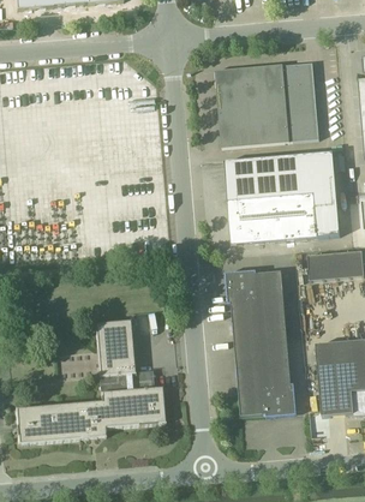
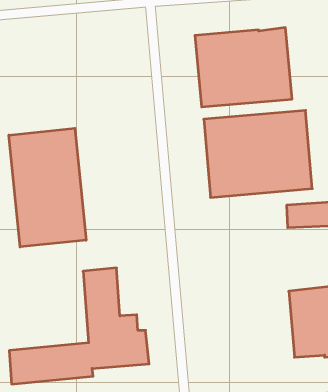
building: none -> [9,128,86,247]
building: [229,271,293,416] -> none

